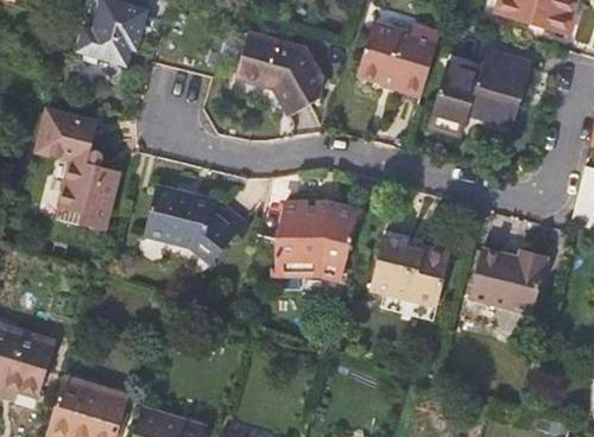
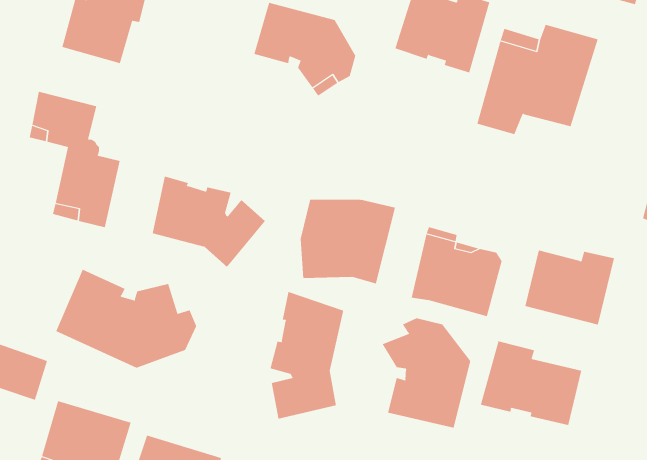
building: none -> [55,269,197,369]
building: none -> [270,291,344,420]
building: none -> [382,317,471,428]
building: none -> [480,340,582,426]

